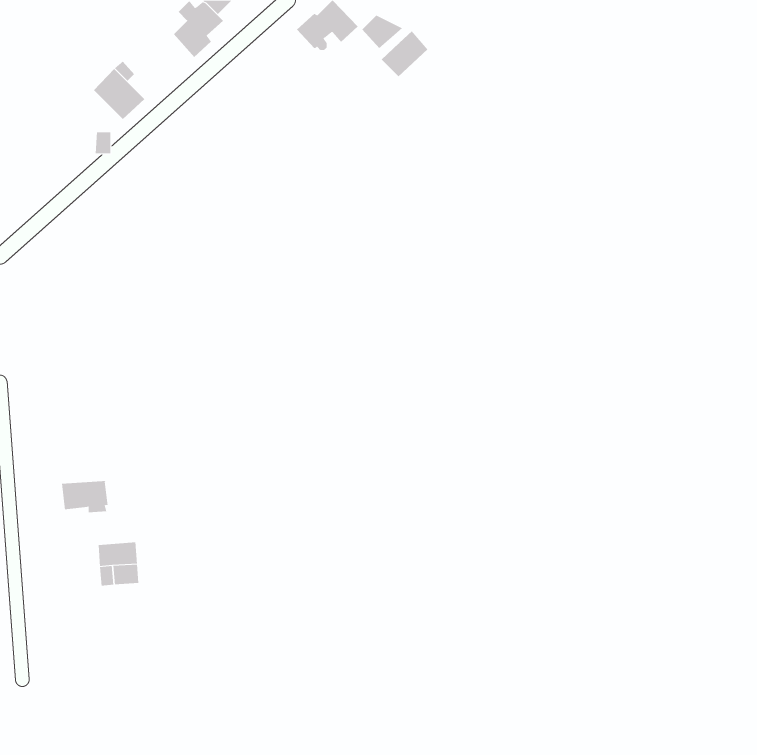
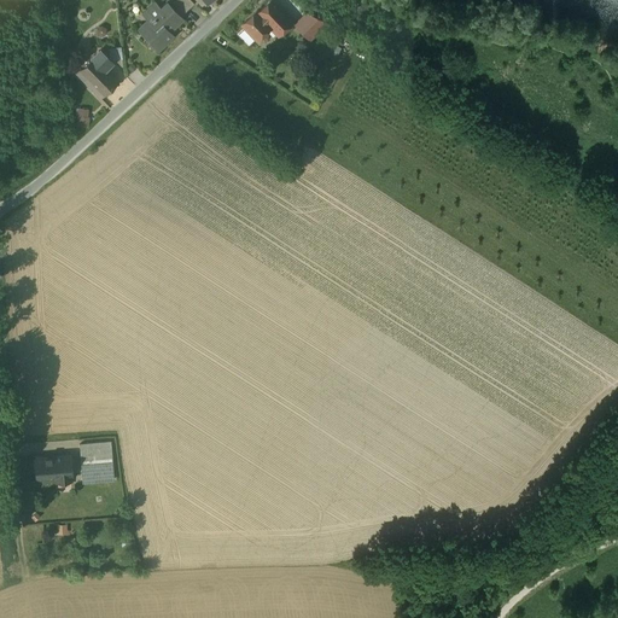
building: [381,31,428,77] -> none
building: [61,480,109,513] -> [34,456,72,483]

